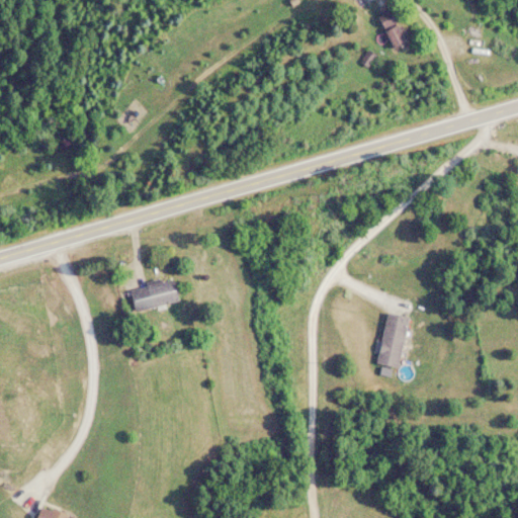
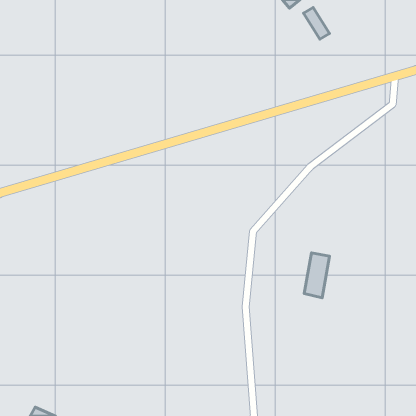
building: [132,281,174,311] -> none

